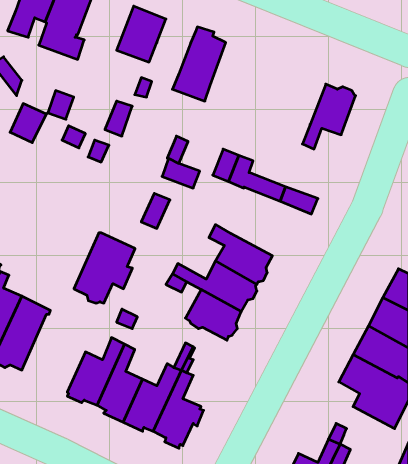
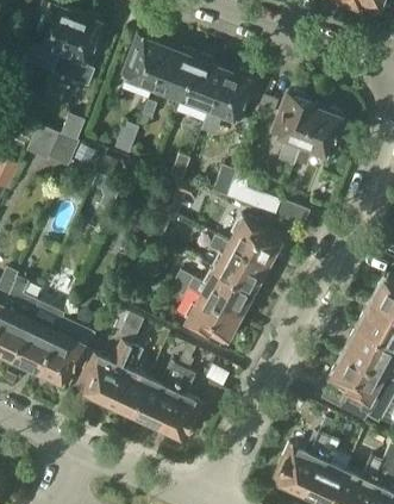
building: none -> [155,48,198,98]
building: none -> [202,69,255,136]
building: none -> [274,92,318,166]
building: none -> [230,218,282,265]
building: [74,233,135,303] -> [38,318,94,382]

